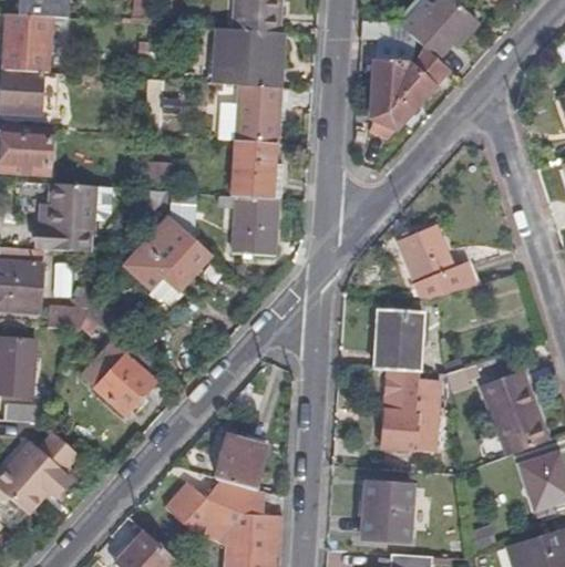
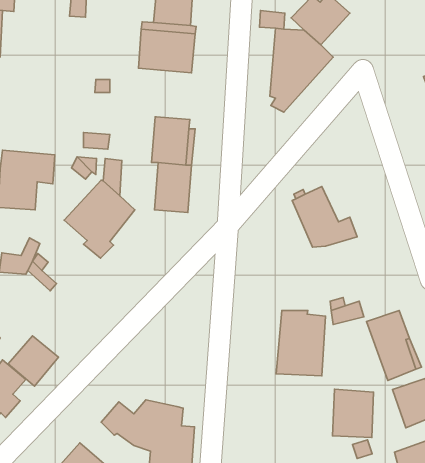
building: [235,87,281,146] -> none
building: [373,313,427,373] -> none
building: [93,354,153,414] -> [8,336,59,386]
building: [218,434,269,487] -> none
building: [360,488,409,546] -> [333,389,374,438]

